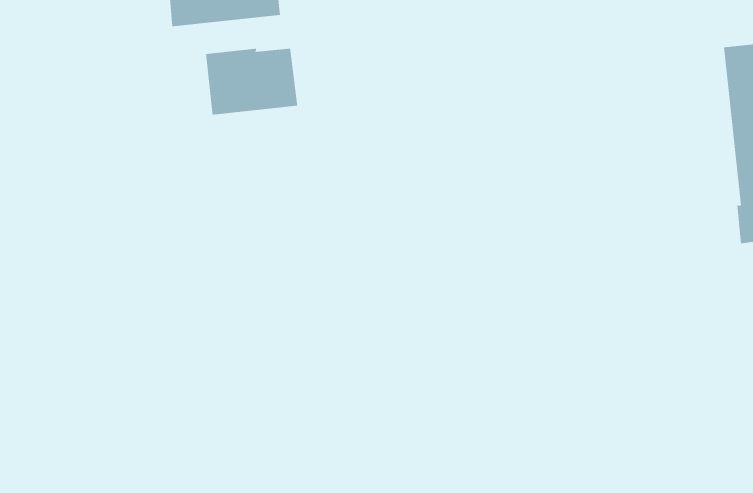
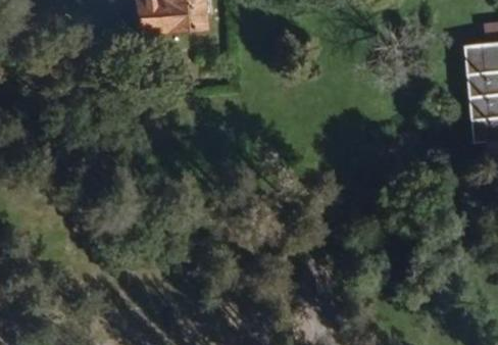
building: [205,48,298,115] -> none

